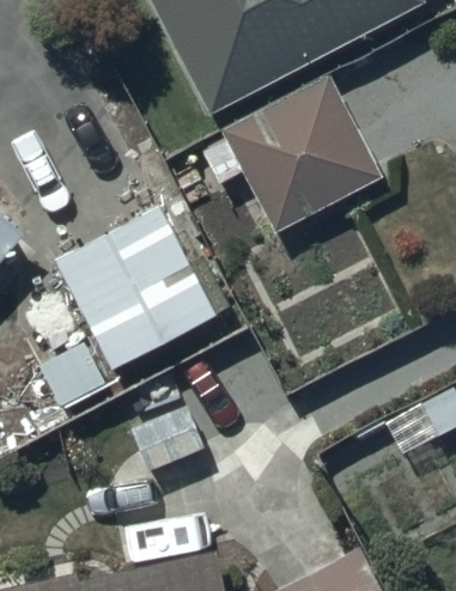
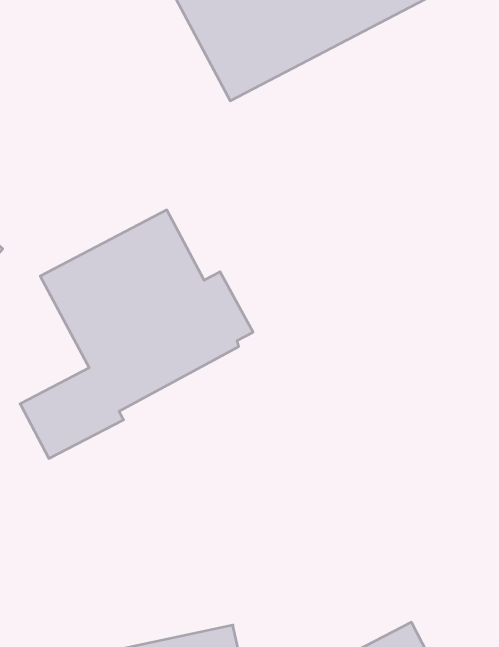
building: [200,75,381,236] -> none

